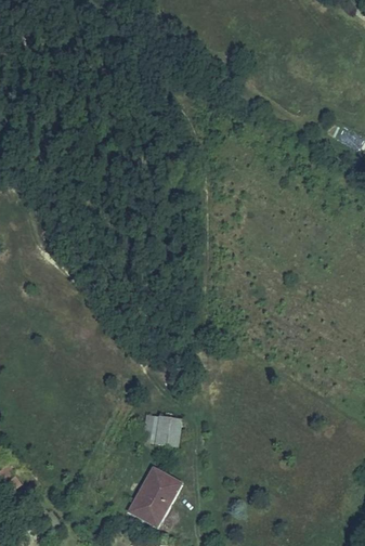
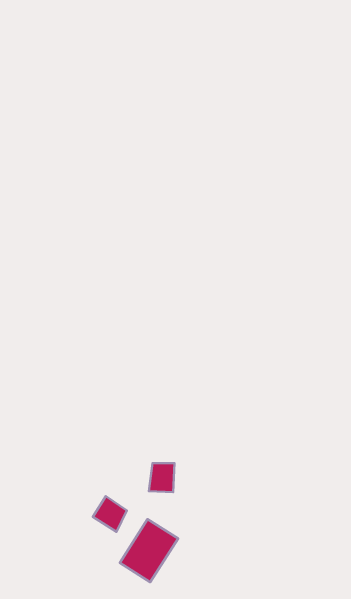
building: none -> [93,496,127,532]

